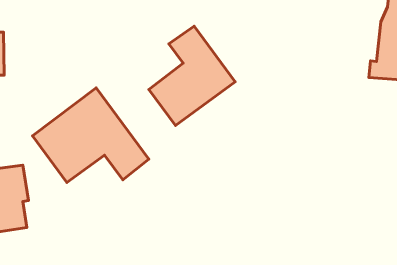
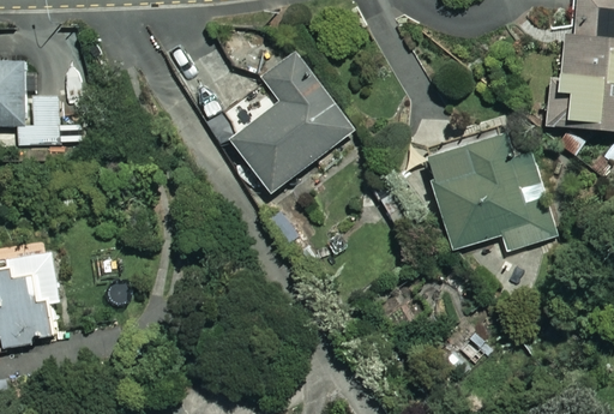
building: none -> [423,133,554,252]
building: [32,88,149,182] -> none

